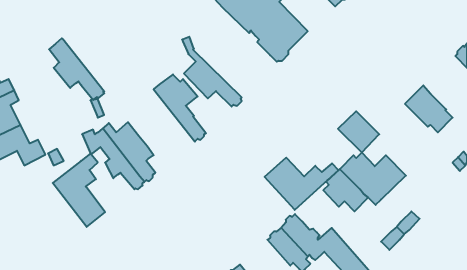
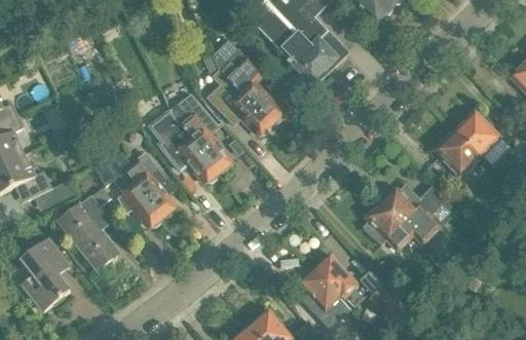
building: none -> [213,39,281,122]
building: [49,38,104,100] -> [157,112,219,181]
building: [338,111,379,153] -> [434,129,480,176]
building: [265,158,338,210] -> none
building: none -> [21,236,69,309]

